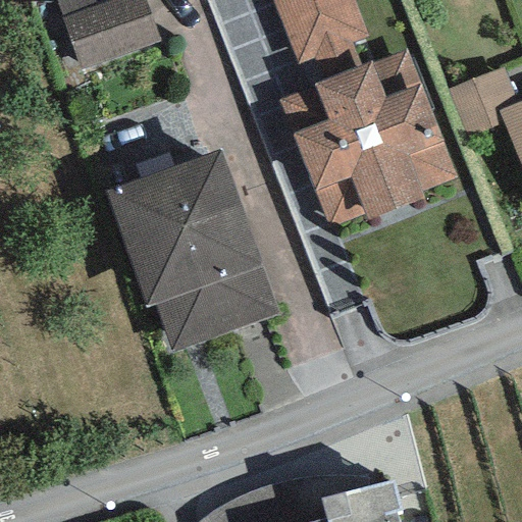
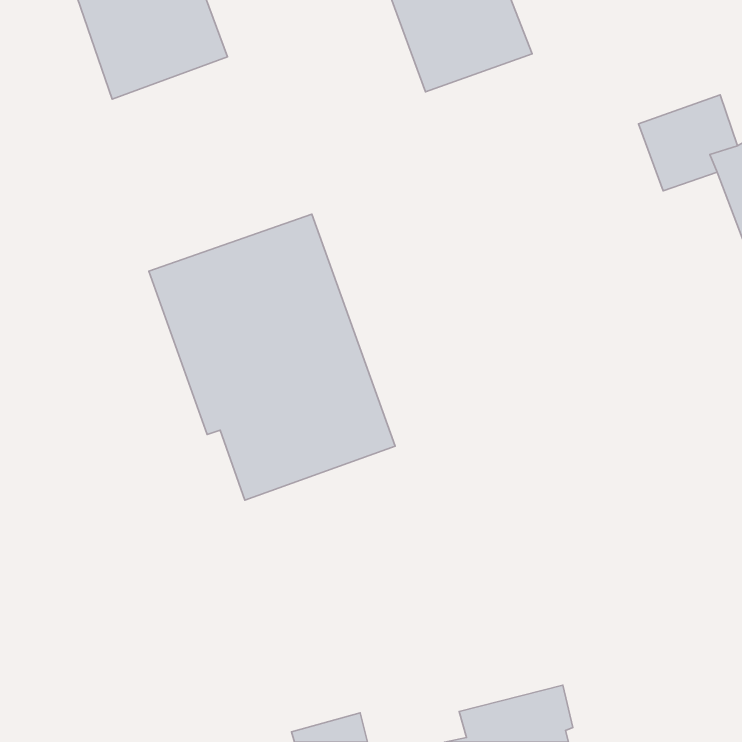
building: [282,48,458,226] -> none

